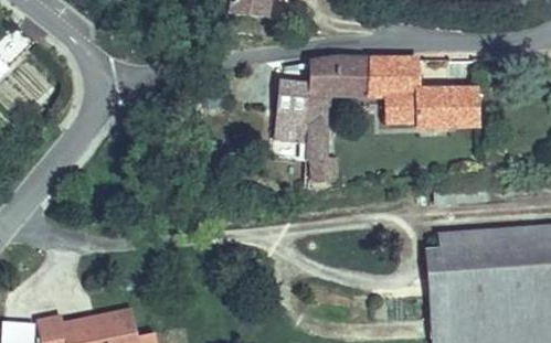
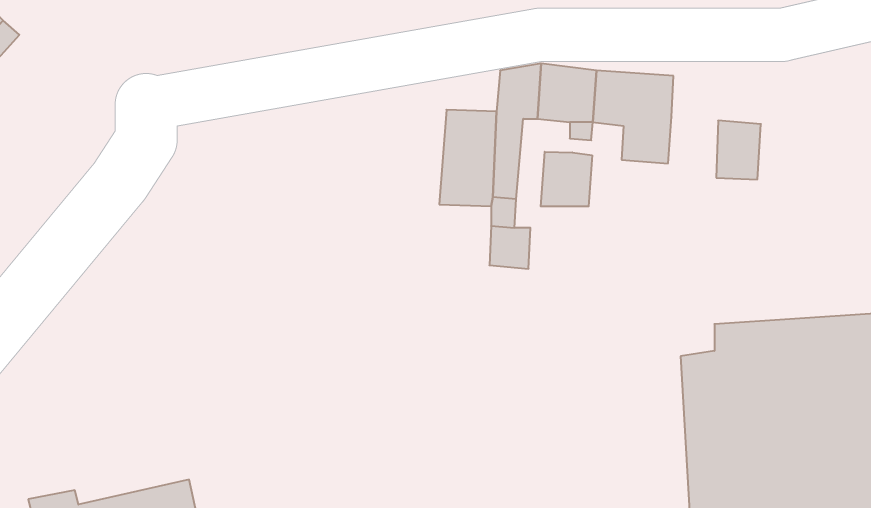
building: [420,89,451,127] -> none
building: none -> [541,152,592,206]

